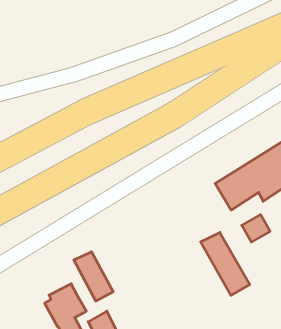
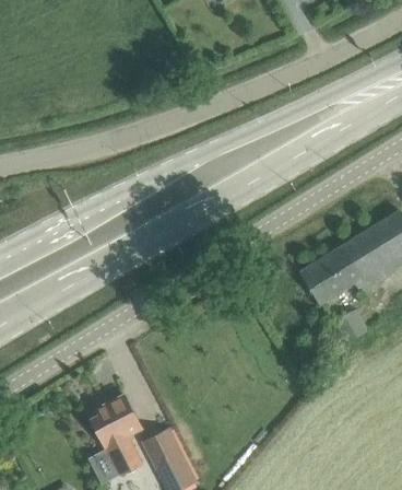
building: [201,232,250,295] -> none
building: [74,252,113,301] -> none

